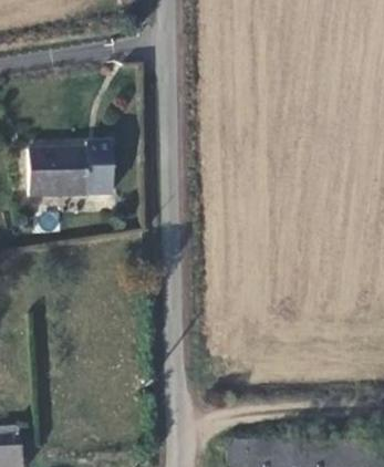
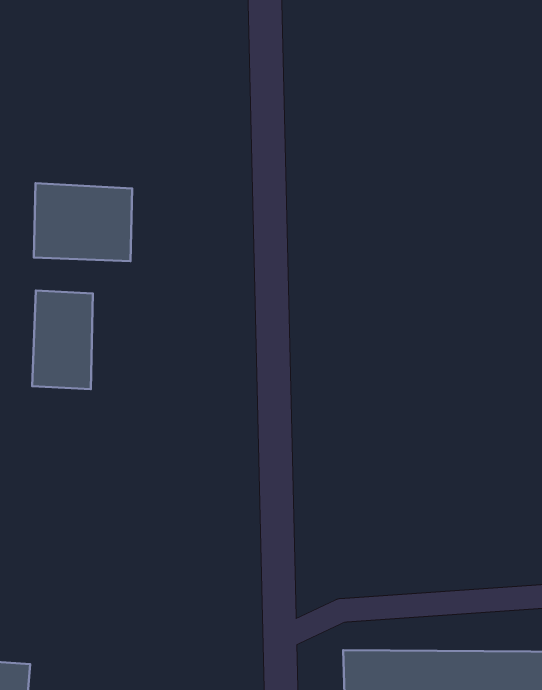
building: none -> [32,291,93,389]

